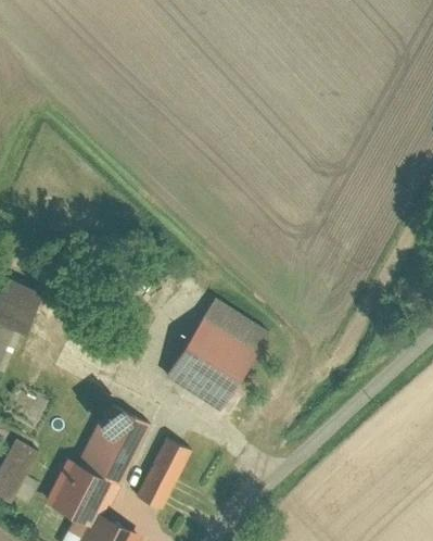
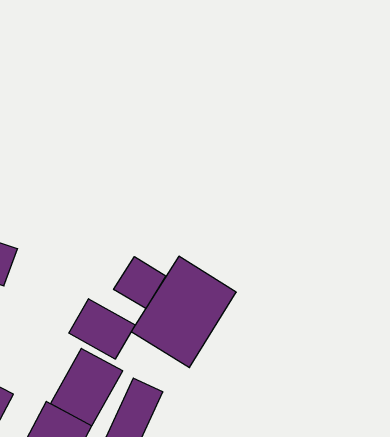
building: none -> [114,257,166,308]
building: none -> [69,299,135,359]

